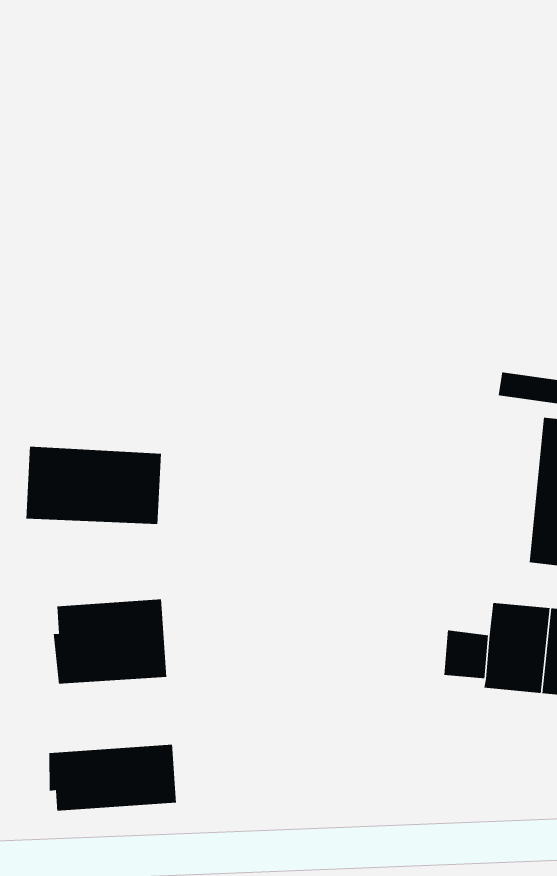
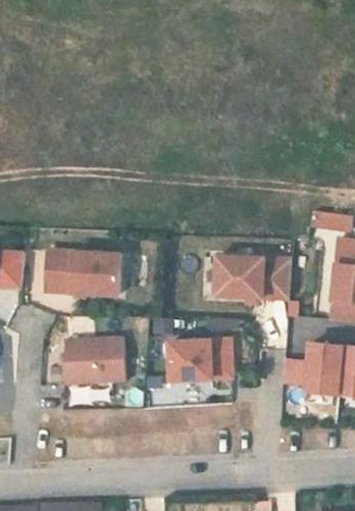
building: none -> [213,259,291,300]
building: none -> [169,339,233,379]
building: [49,744,177,811] -> none

